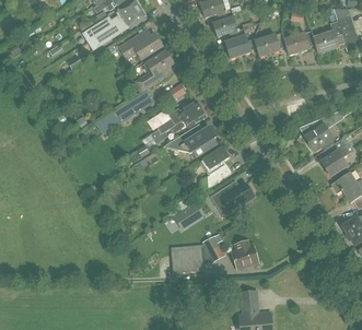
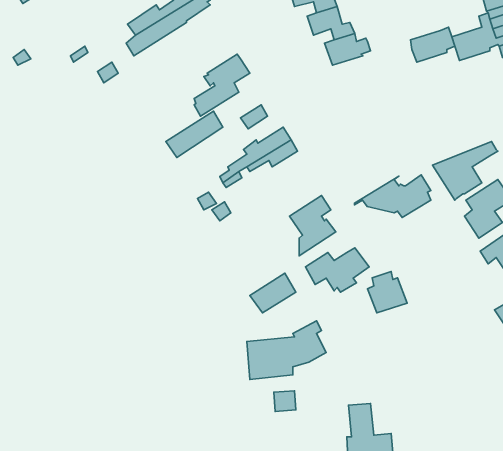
building: [118,32,162,59] -> none
building: [254,32,284,57] -> none
building: [163,126,215,155] -> [355,175,431,218]
building: [232,239,259,268] -> [367,271,407,313]

